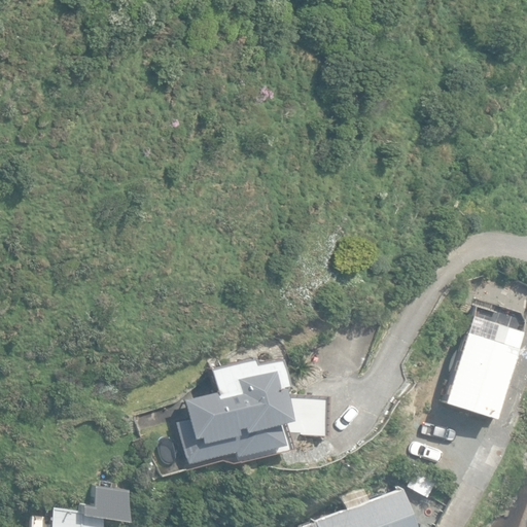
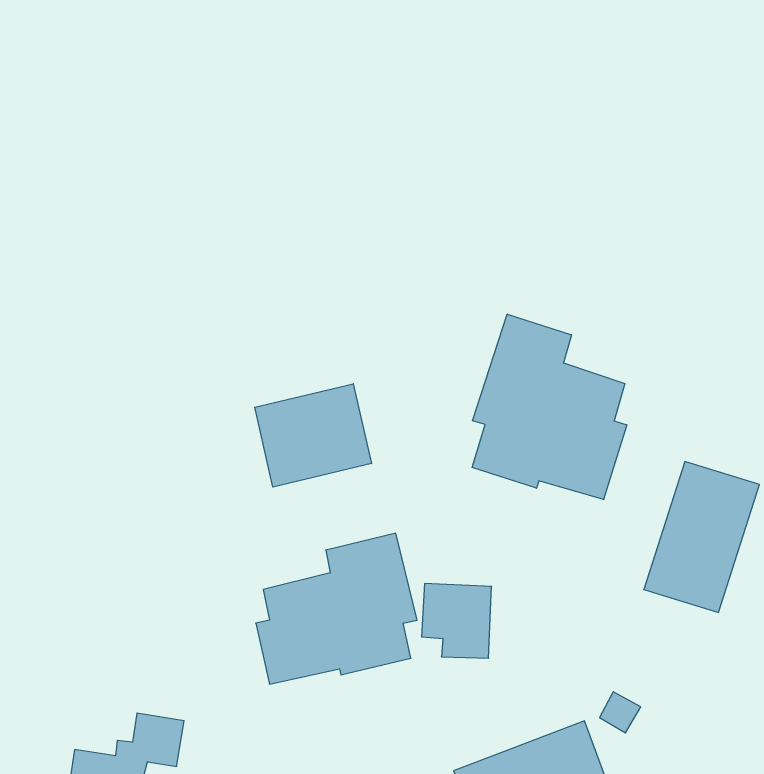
building: none -> [472,314,627,500]
building: none -> [255,384,371,487]

